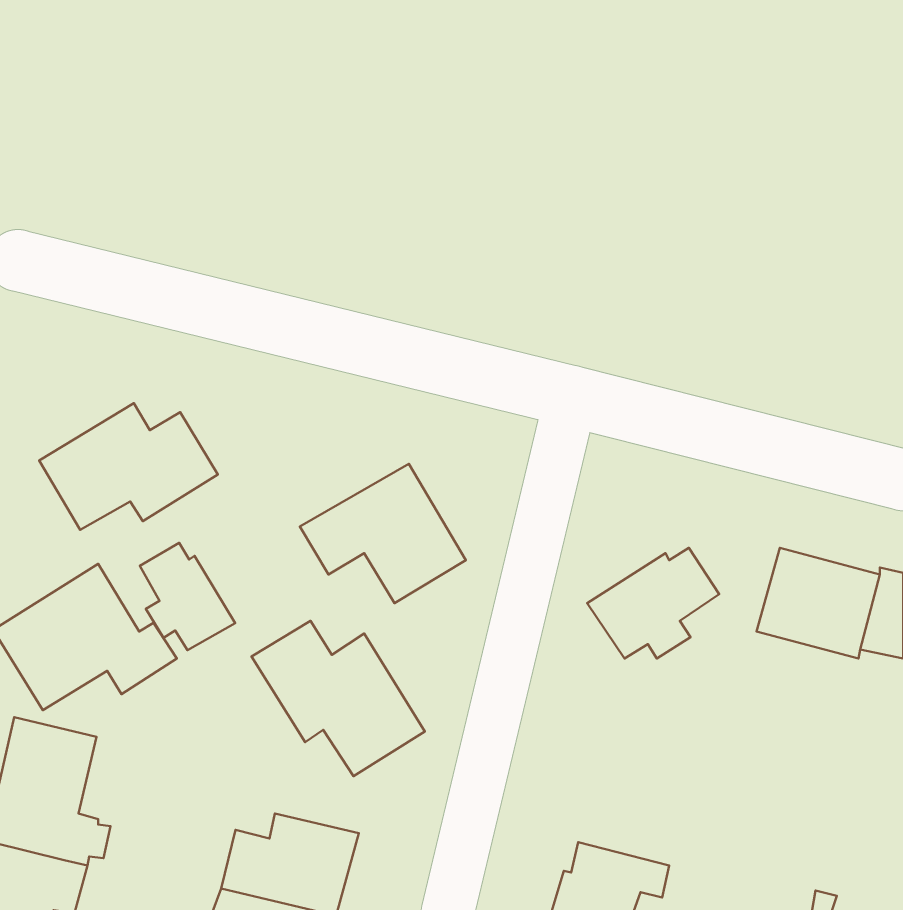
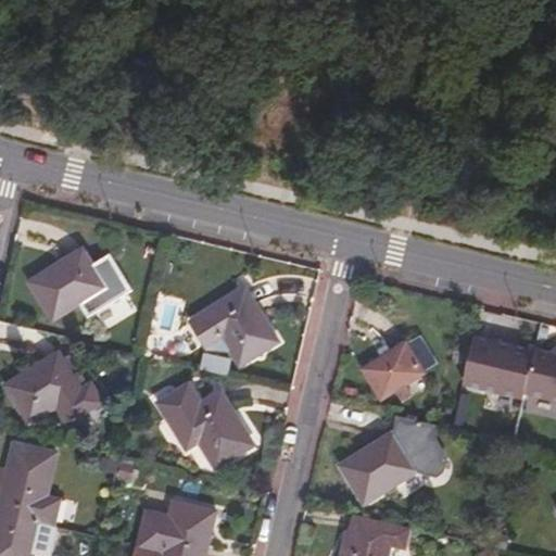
building: [140,543,235,650] -> none
building: none -> [334,415,448,506]

